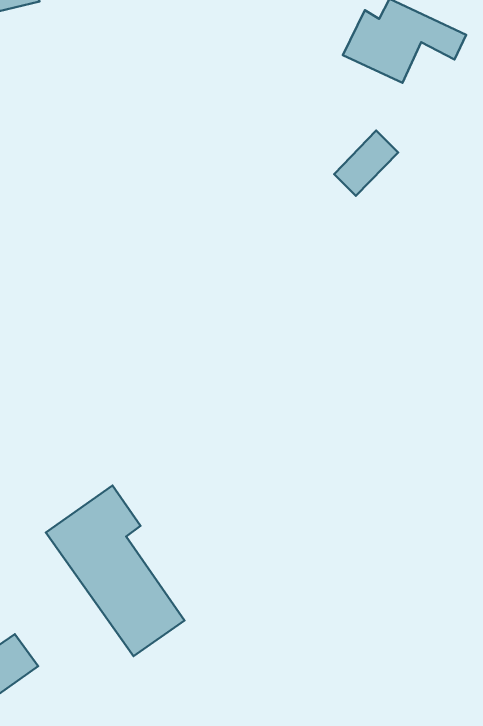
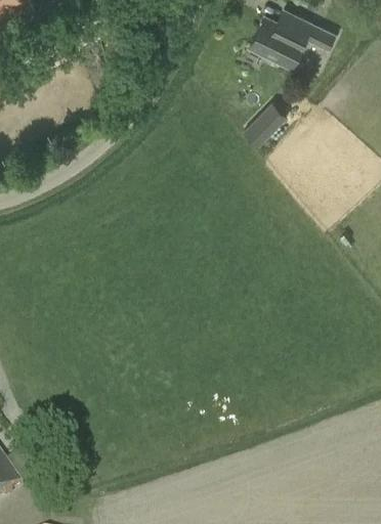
building: [46,485,184,656] -> none

